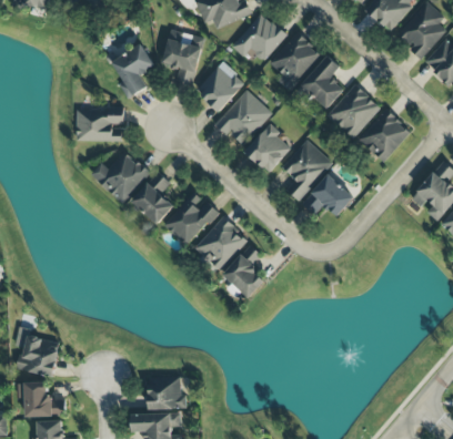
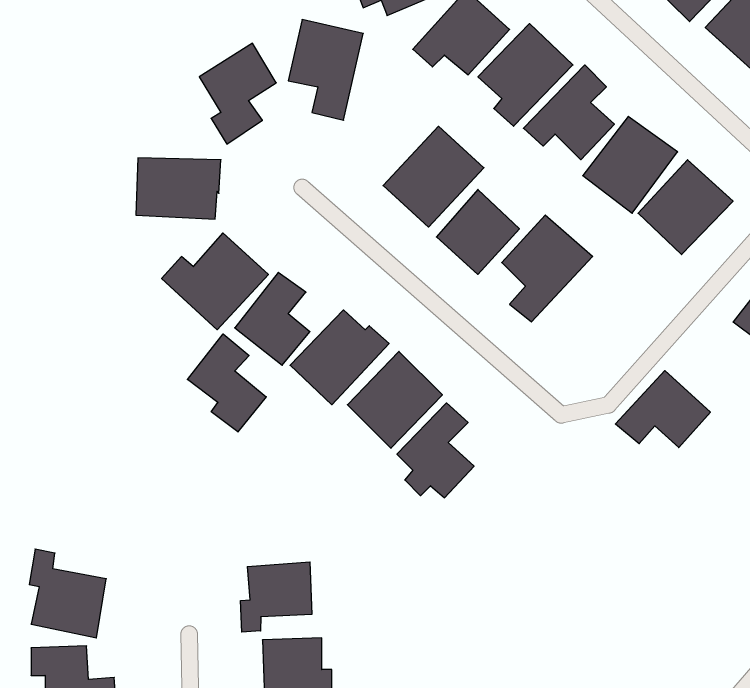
building: [195,62,245,112] -> none
building: [301,174,354,217] -> [615,371,710,448]
building: none -> [187,334,266,432]
building: none -> [241,562,312,632]

